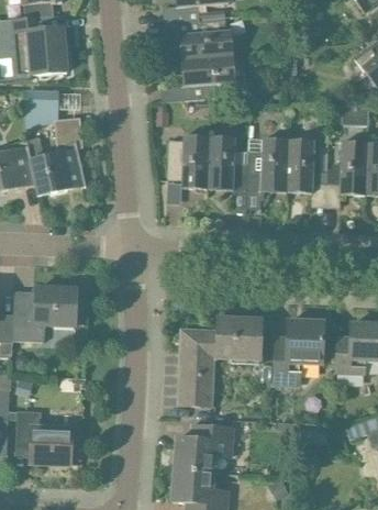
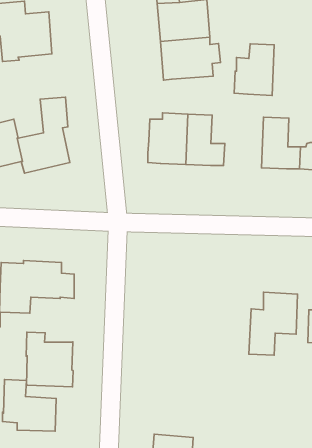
building: [25,88,60,110] -> none
building: [246,136,288,190] -> [234,44,274,95]
building: [179,318,262,406] -> none
building: none -> [26,332,73,387]
building: [174,424,234,472] -> none

